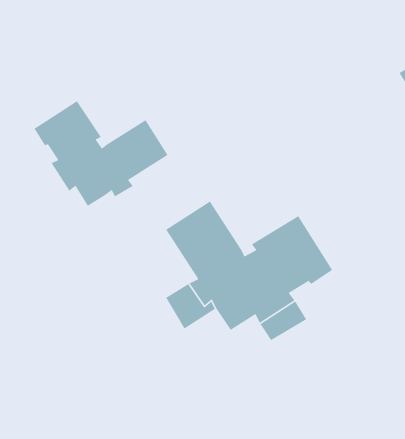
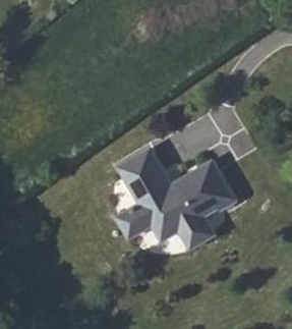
building: [34,100,169,207] -> none

